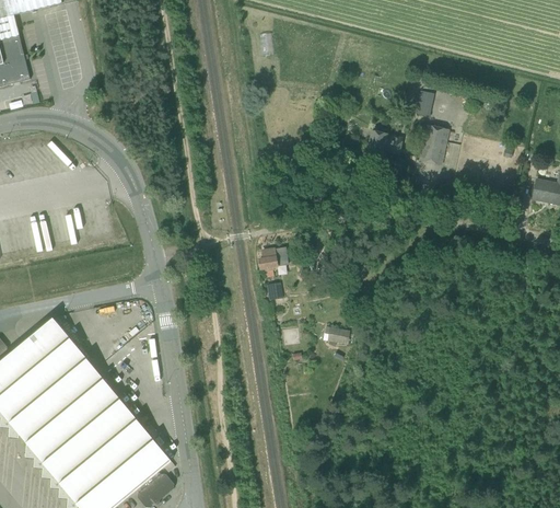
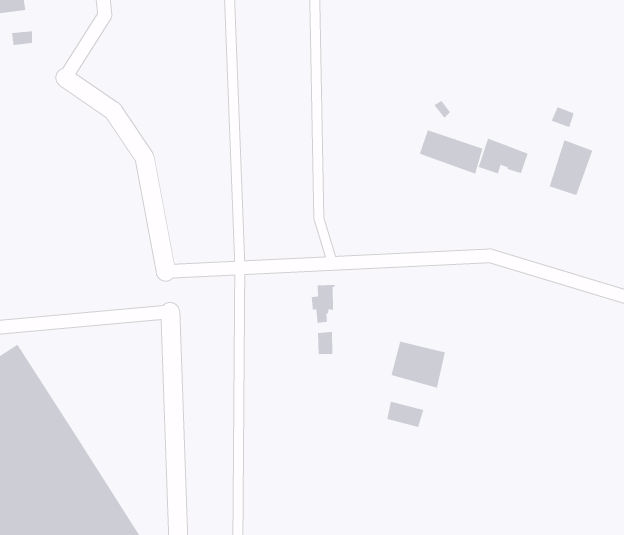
building: none -> [419,130,483,175]
building: none -> [391,341,445,389]

